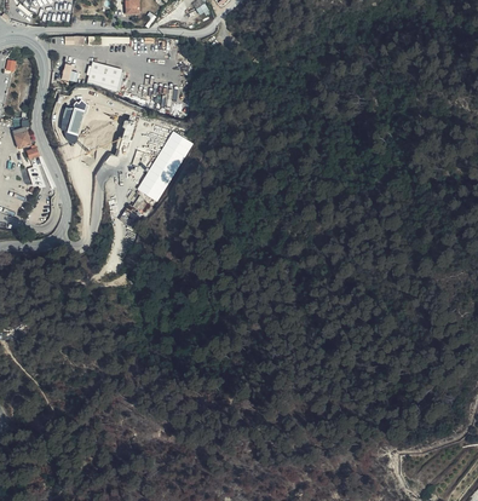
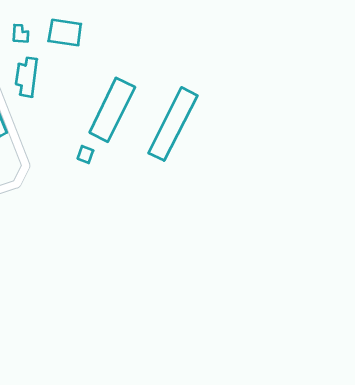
building: none -> [149,87,197,161]

